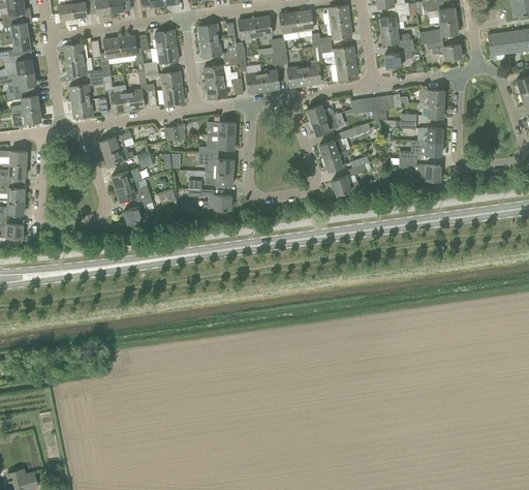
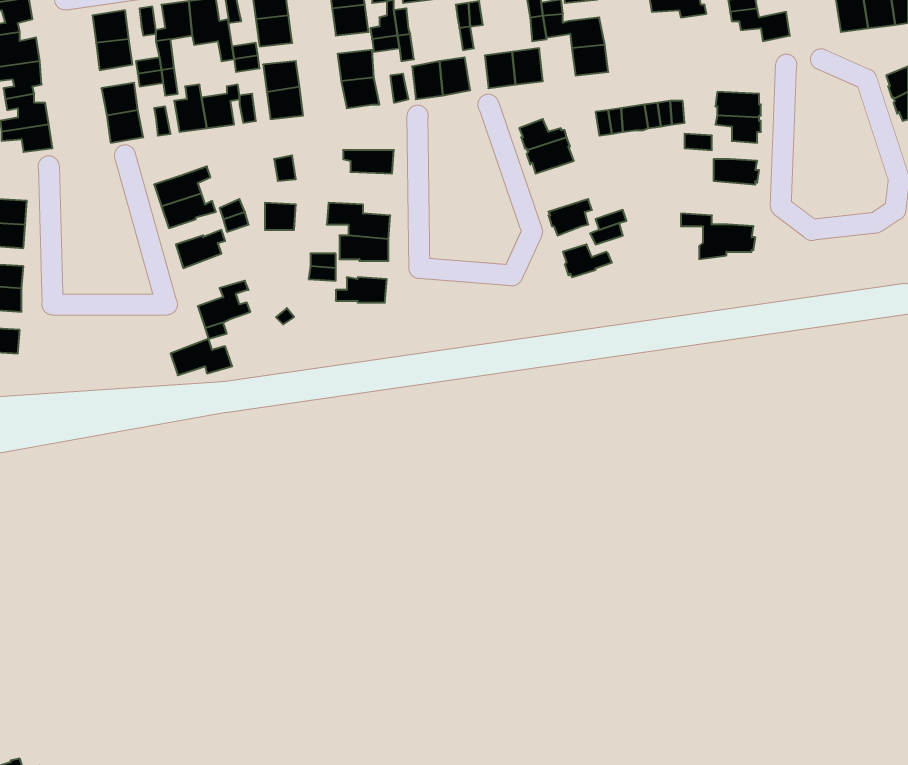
building: [384,44,414,68] -> none
building: [319,122,371,157] -> none
building: [198,134,235,153] -> none
building: [399,140,442,159] -> none
building: [116,181,151,202] -> [171,339,232,375]

